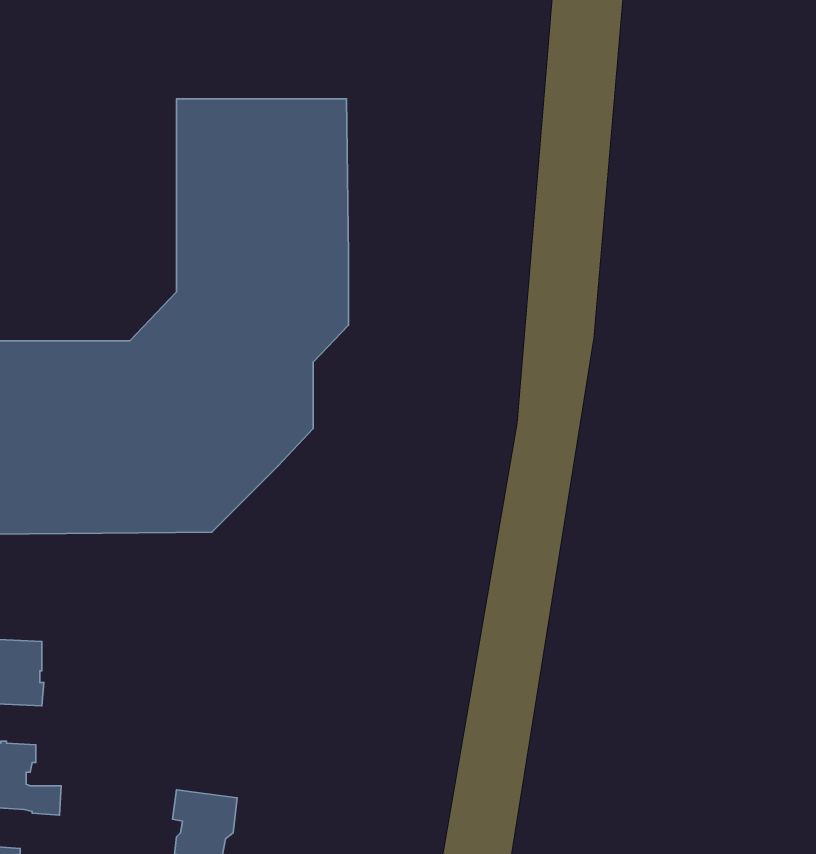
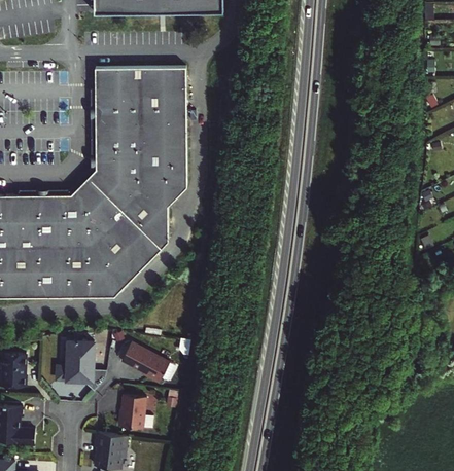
building: none -> [61,340,105,390]
building: none -> [120,340,174,379]
building: none -> [117,393,144,427]

